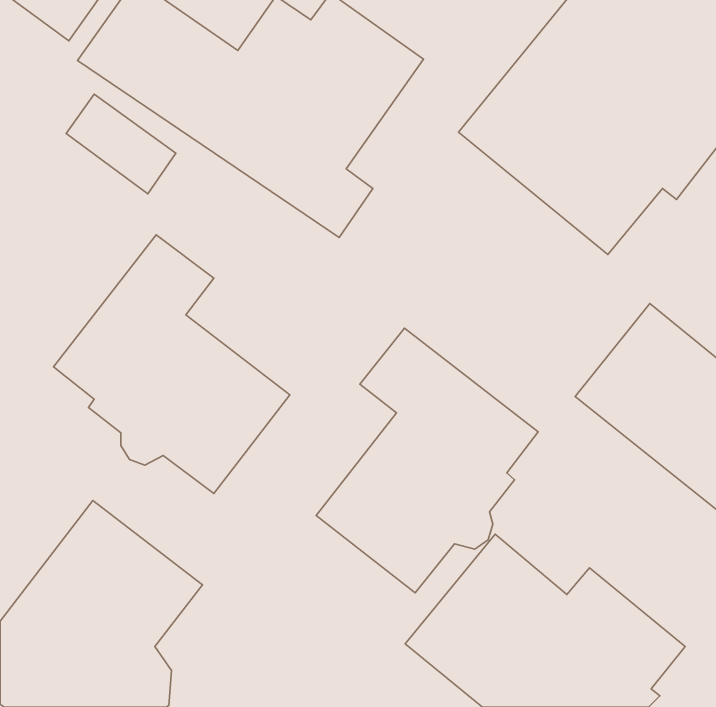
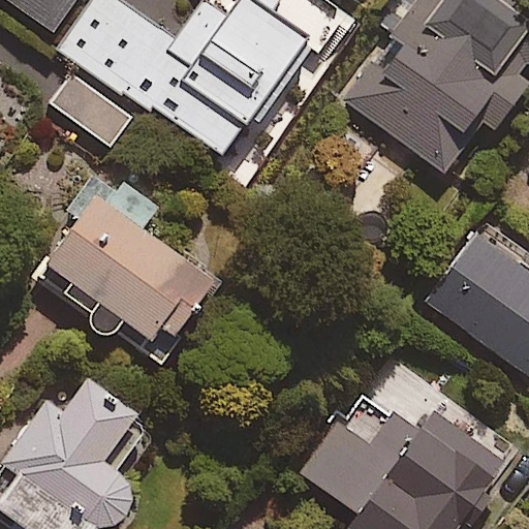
building: [316,328,538,593] -> none

